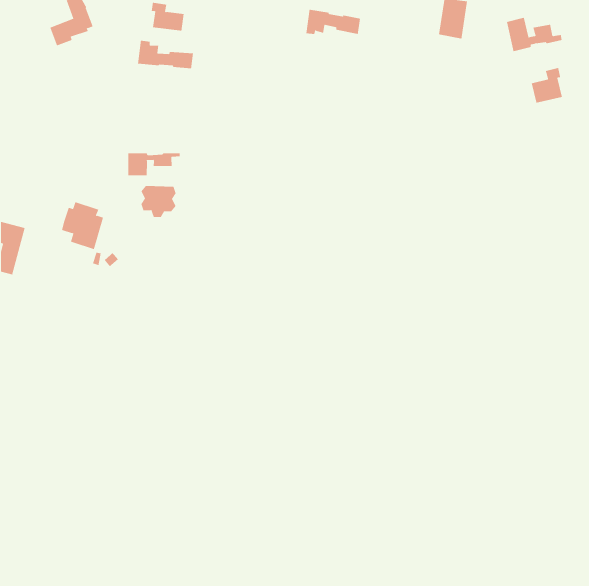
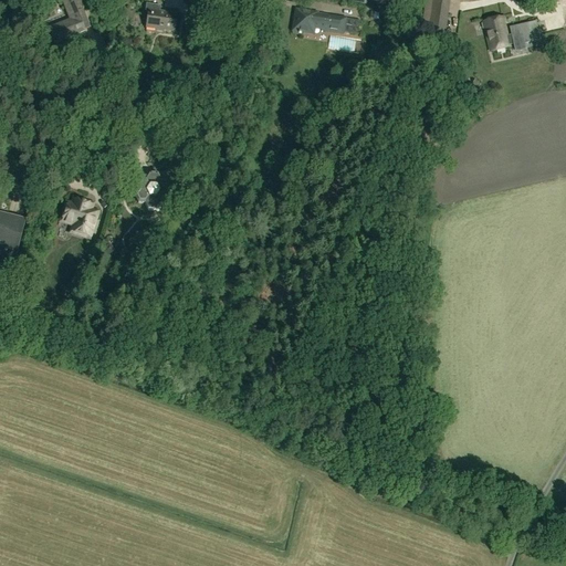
building: [138,40,194,69] -> none
building: [531,67,563,103] -> none
building: [128,152,180,176] -> none

